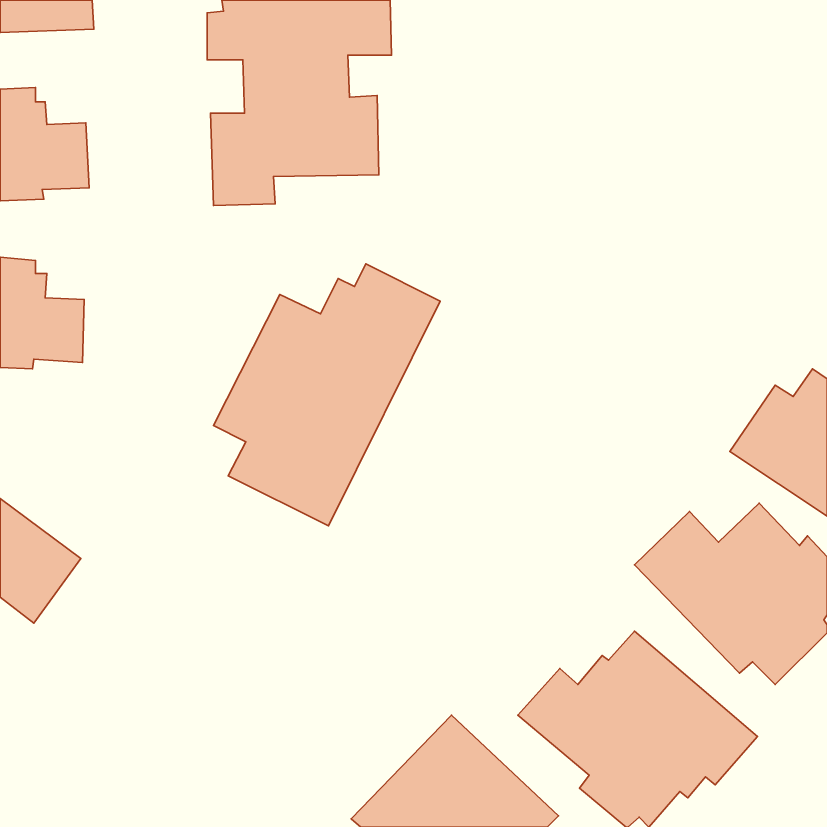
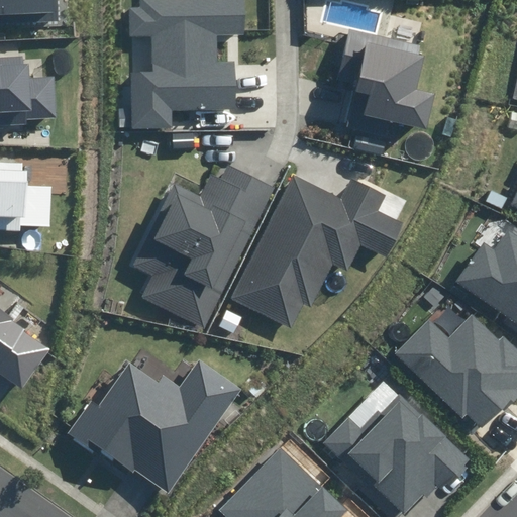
building: none -> [336,28,436,137]
building: none -> [230,176,404,329]
building: none -> [68,360,241,495]

